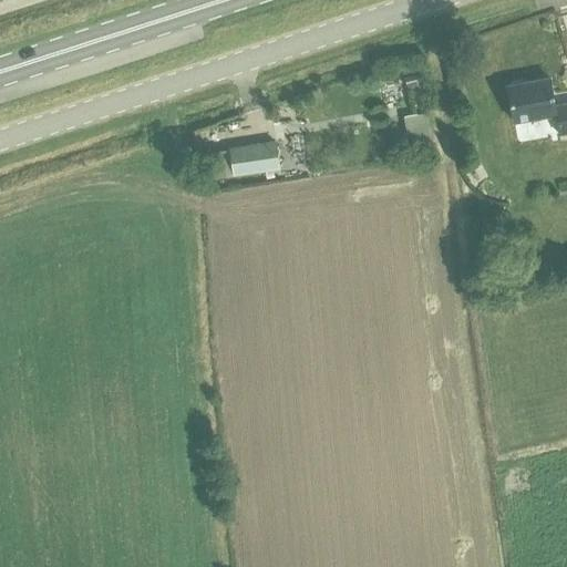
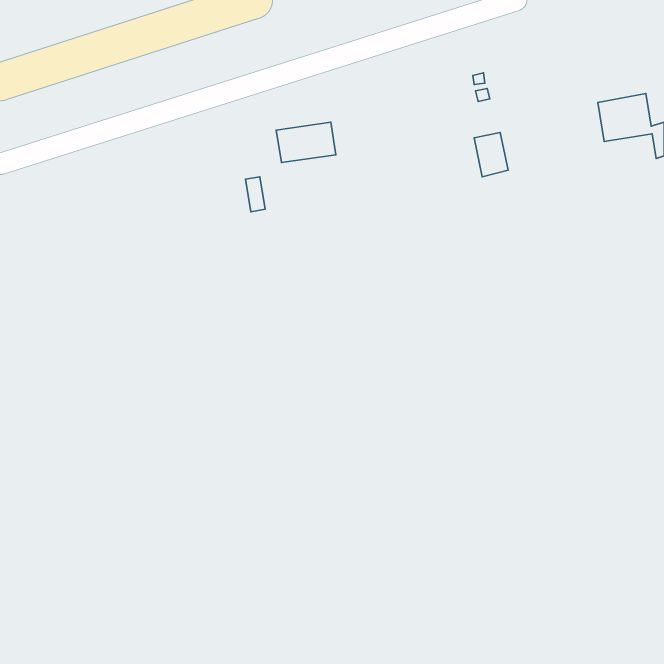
building: [229,142,280,176] -> [276,122,336,162]

